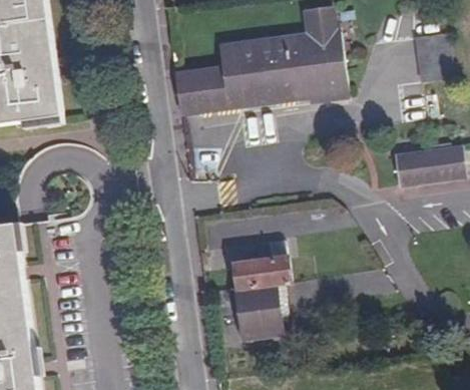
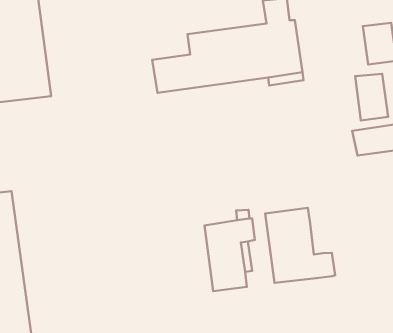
building: none -> [355,74,388,121]
building: none -> [265,208,335,283]

